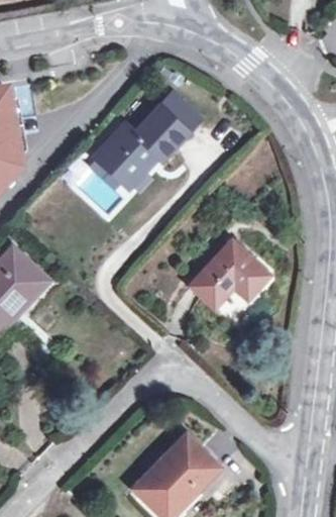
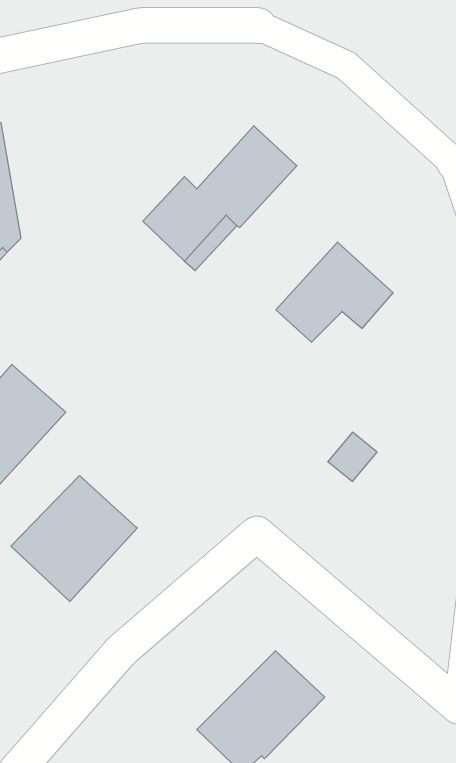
building: [191,241,267,307] -> [276,242,393,342]
building: none -> [11,476,137,602]

